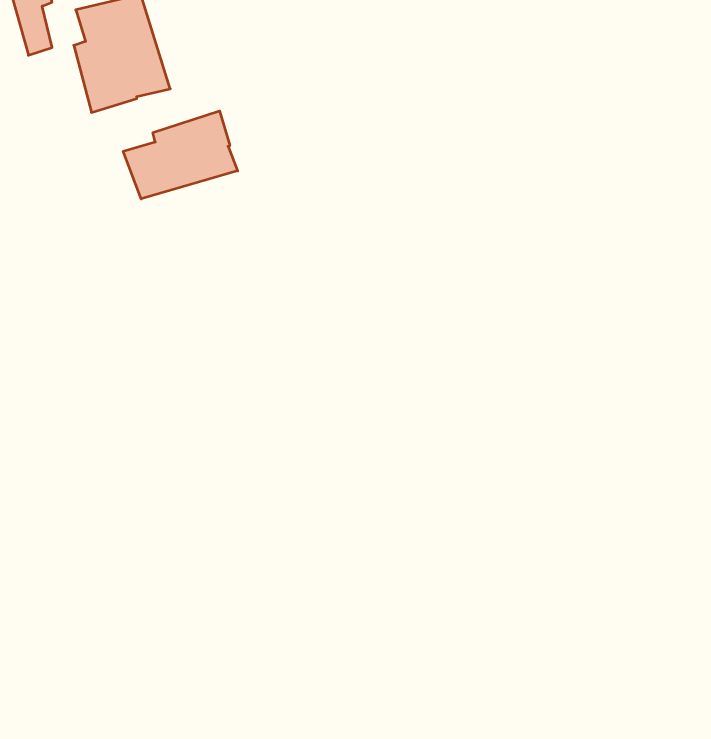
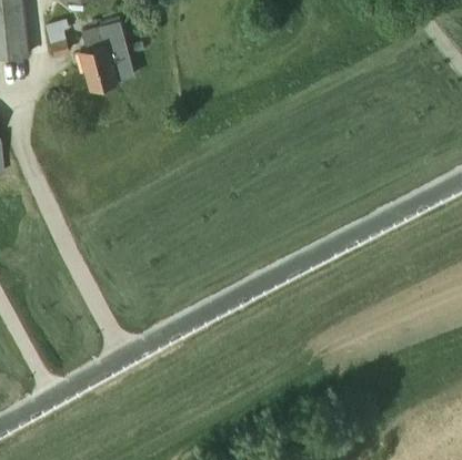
building: [123,111,238,199] -> none

